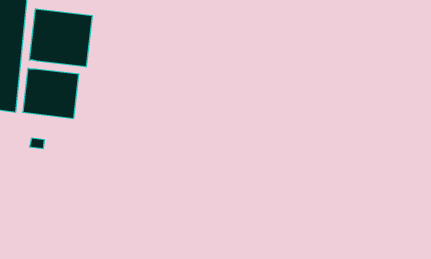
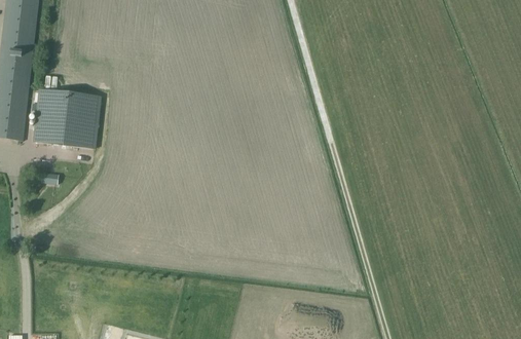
building: [29,9,92,67] -> none

